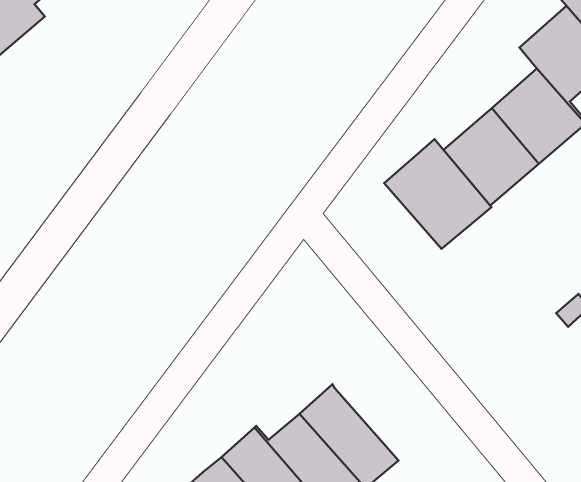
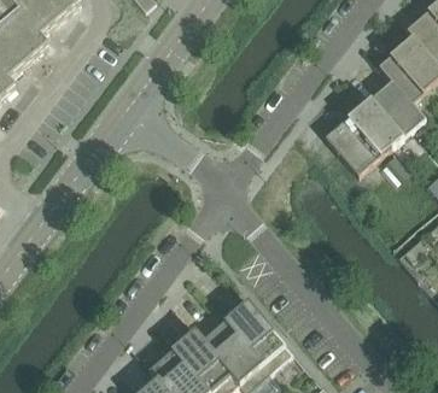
building: [384,139,492,249] -> none

